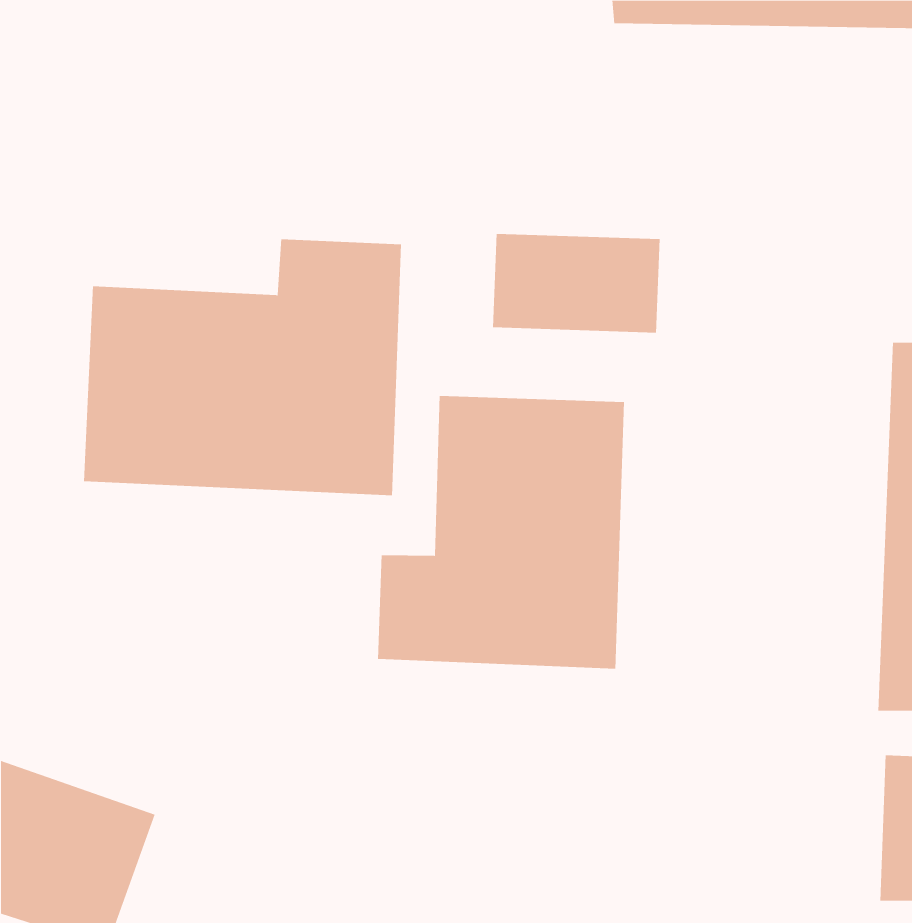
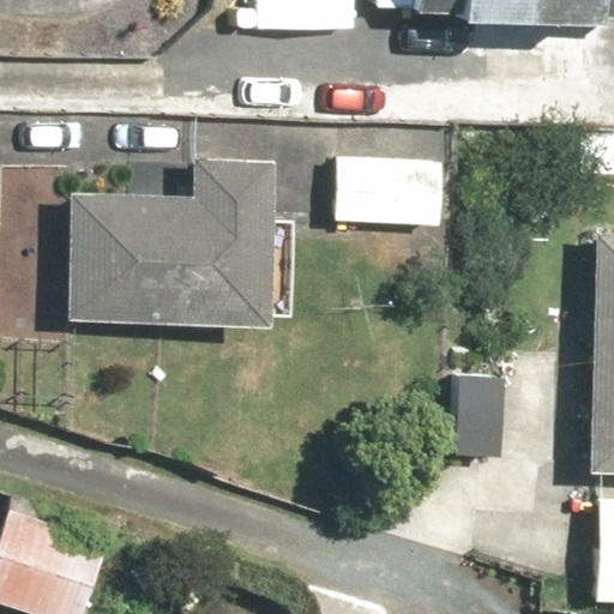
building: [377,395,625,670] -> none

